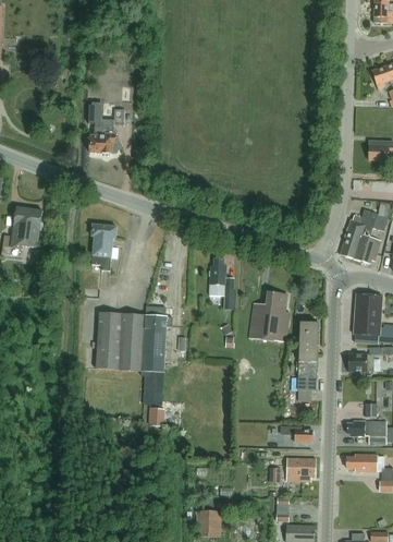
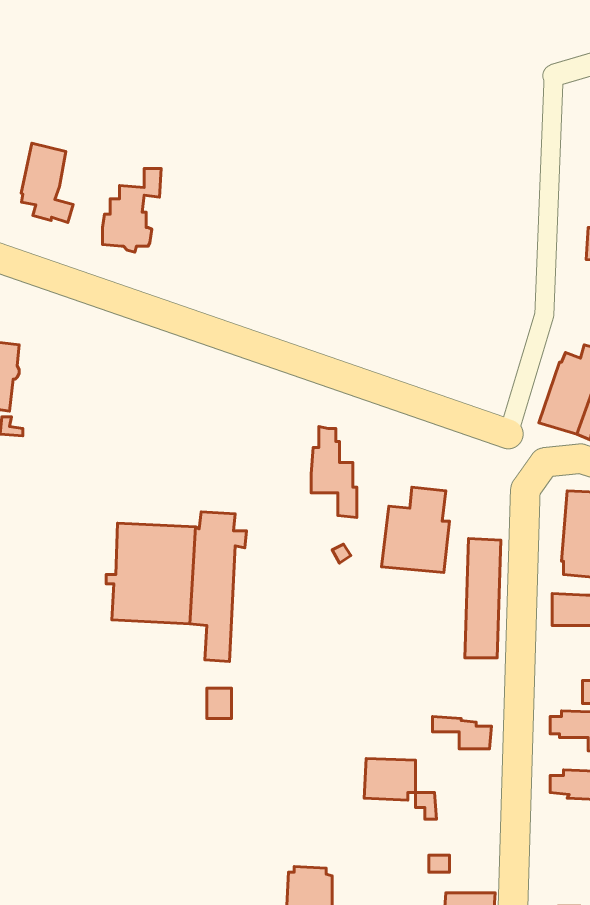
building: none -> [21,143,73,223]
building: [93,224,118,269] -> none
building: [286,457,316,481] -> [364,758,415,800]

